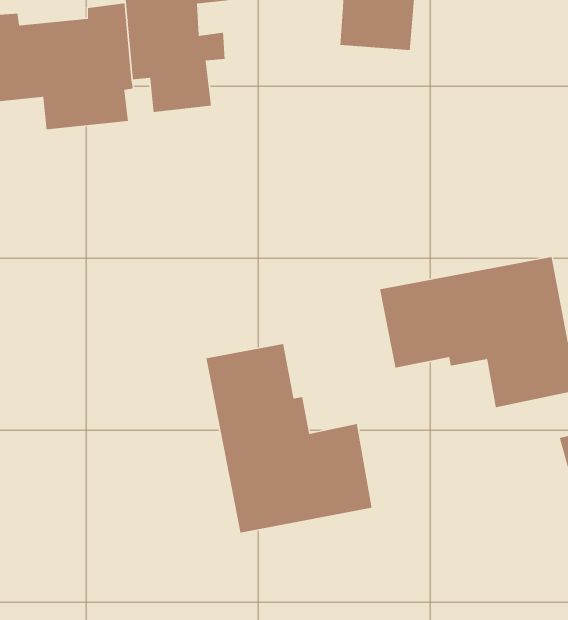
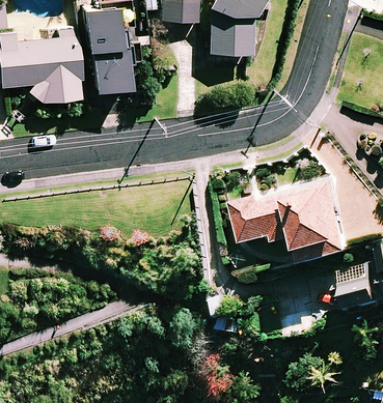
building: [205,343,372,534] -> none

